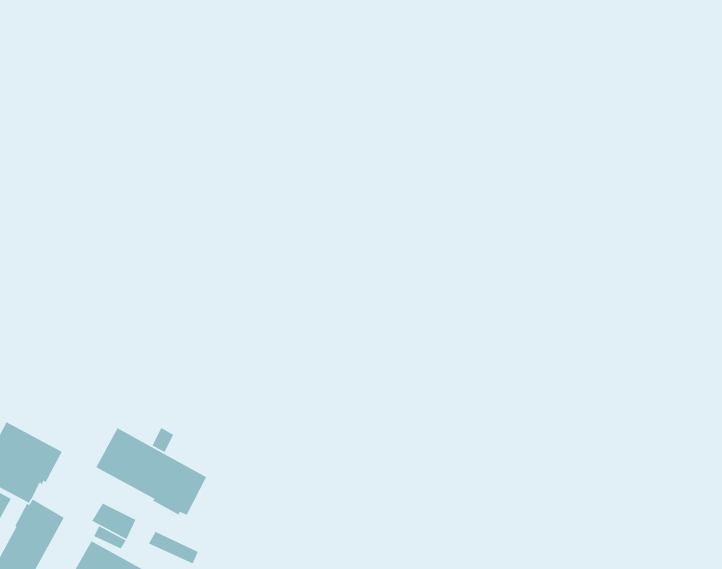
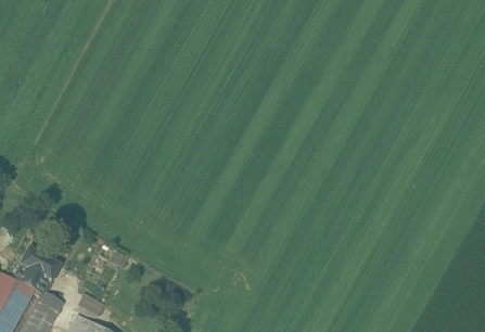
building: [95,427,207,516] -> none

